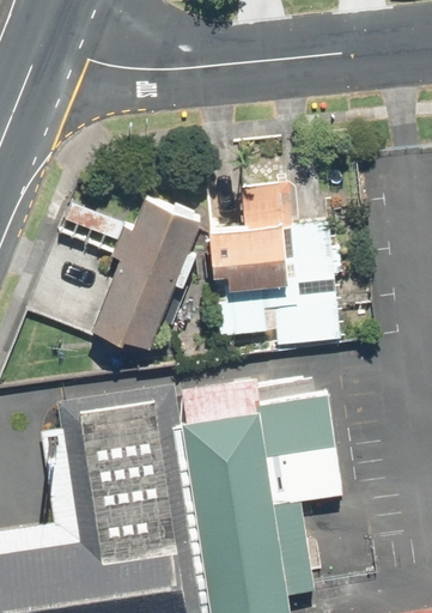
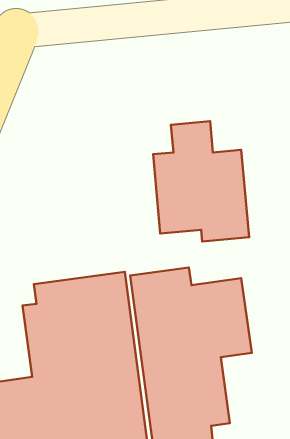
building: [56,192,207,356] -> none

